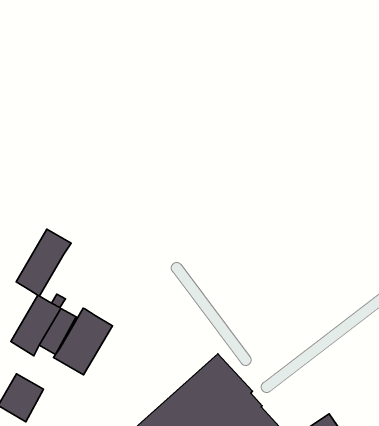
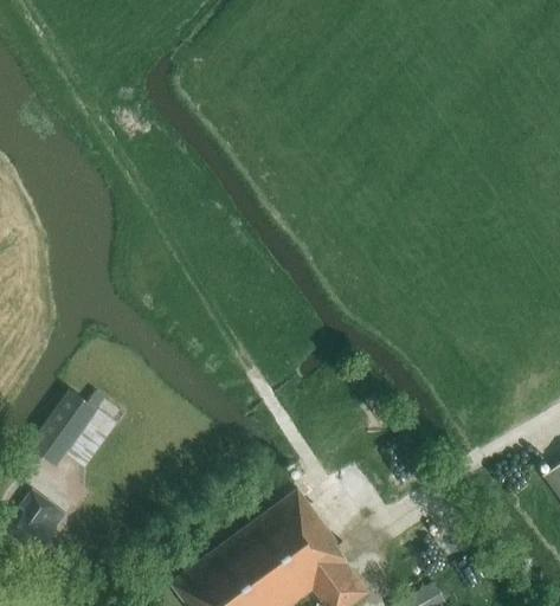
building: [16,229,71,296] -> none
building: [53,308,112,375] -> none

